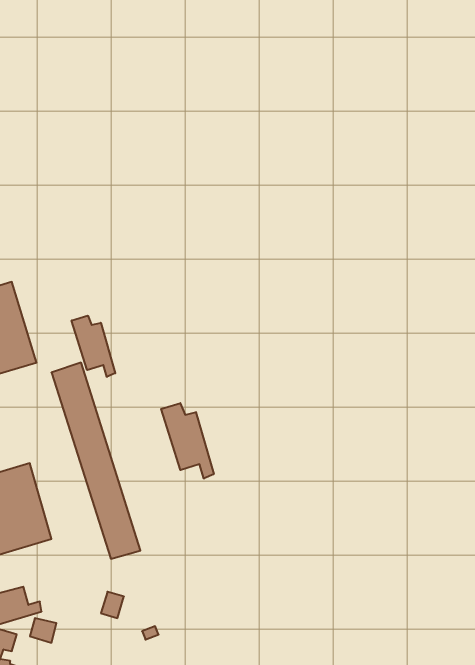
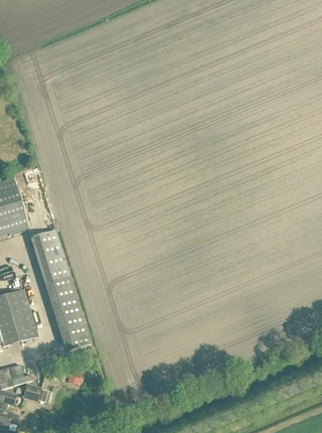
building: [72,316,115,377] -> none
building: [161,403,214,479] -> none

